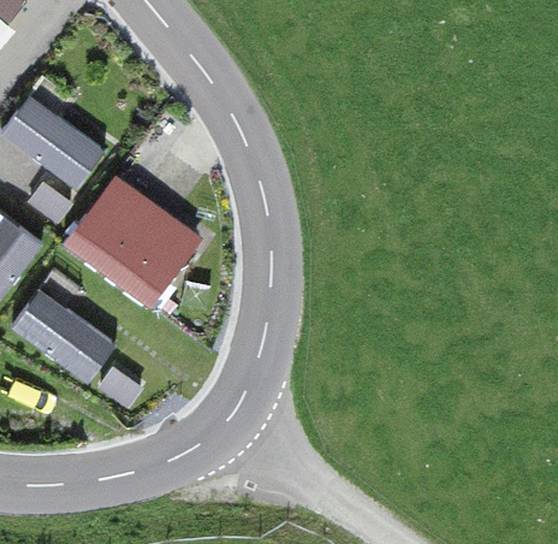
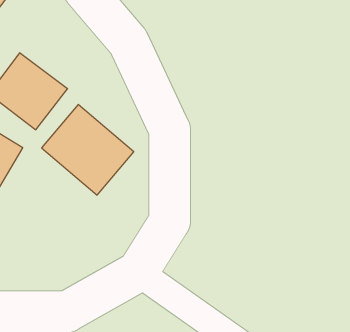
building: [10,282,120,388] -> none

